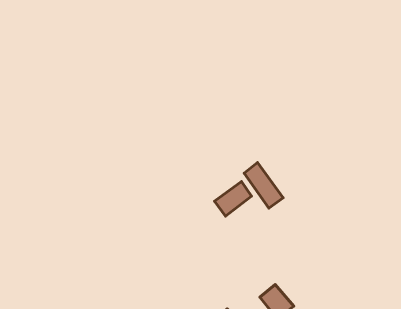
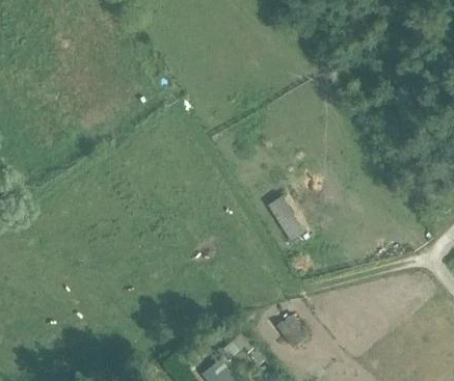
building: [215,182,252,216] -> none

